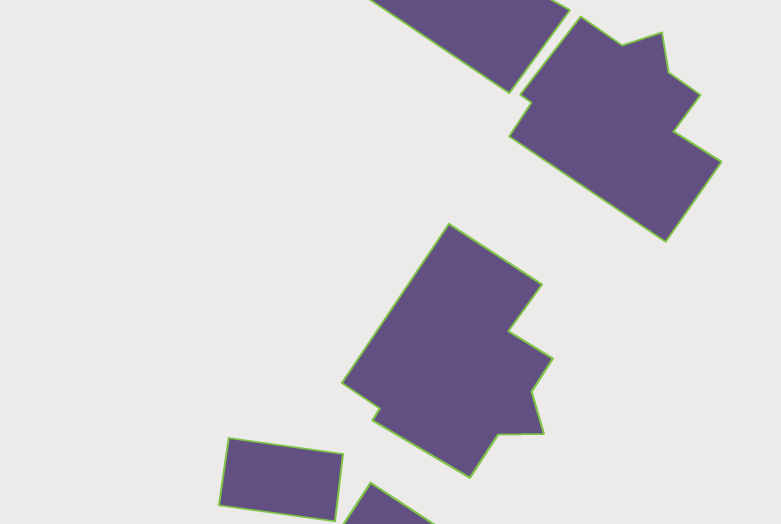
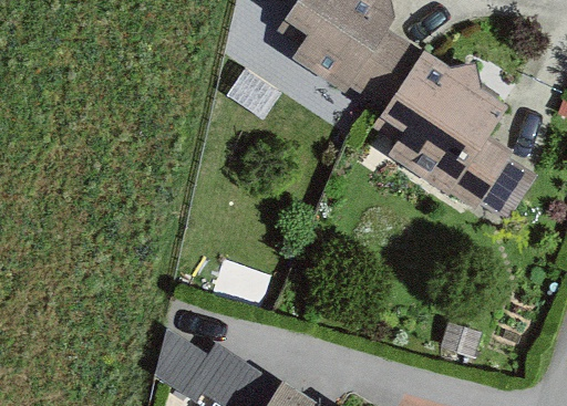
building: [342,224,553,478] -> none

